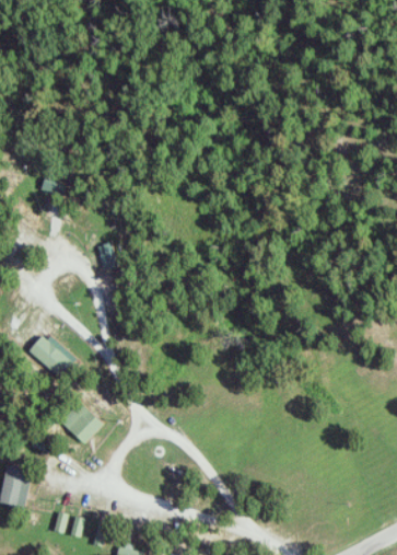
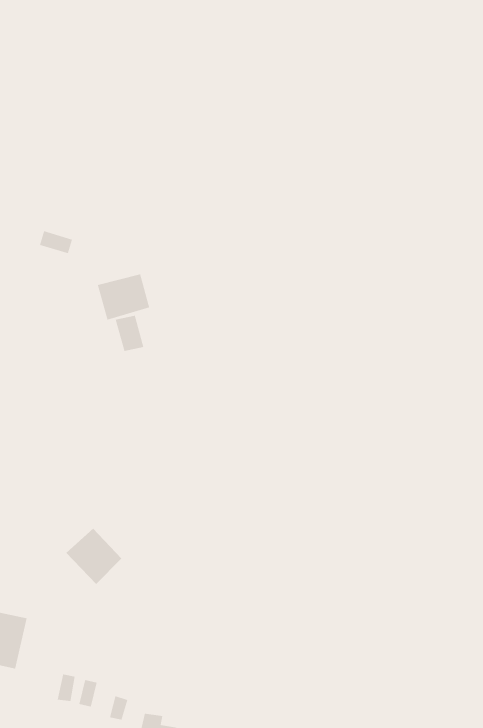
building: none -> [97,273,150,320]
building: [30,332,77,379] -> none

